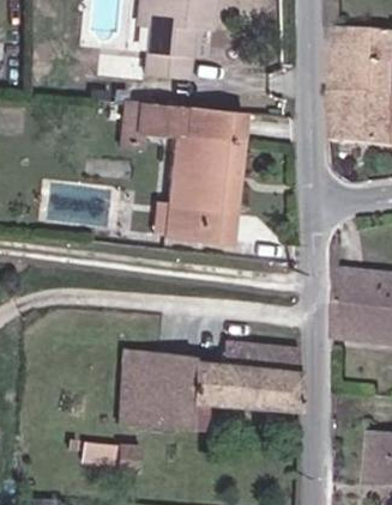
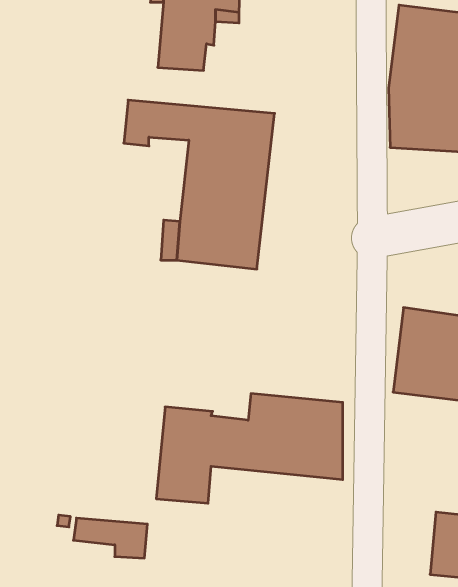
building: [115,347,153,424] -> none

